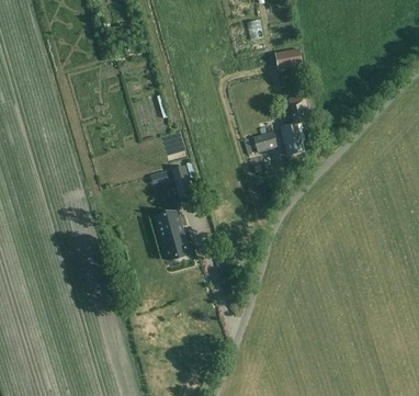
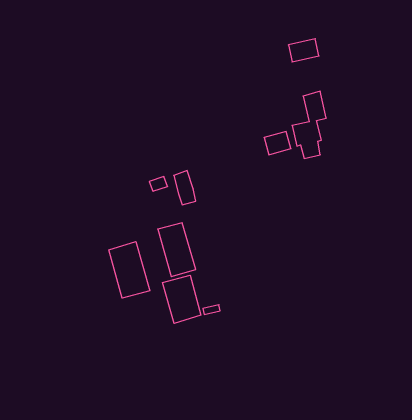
building: none -> [109,242,150,298]
building: none -> [163,275,201,323]

